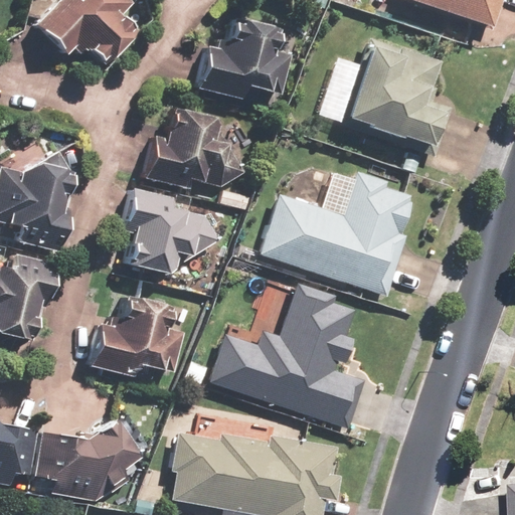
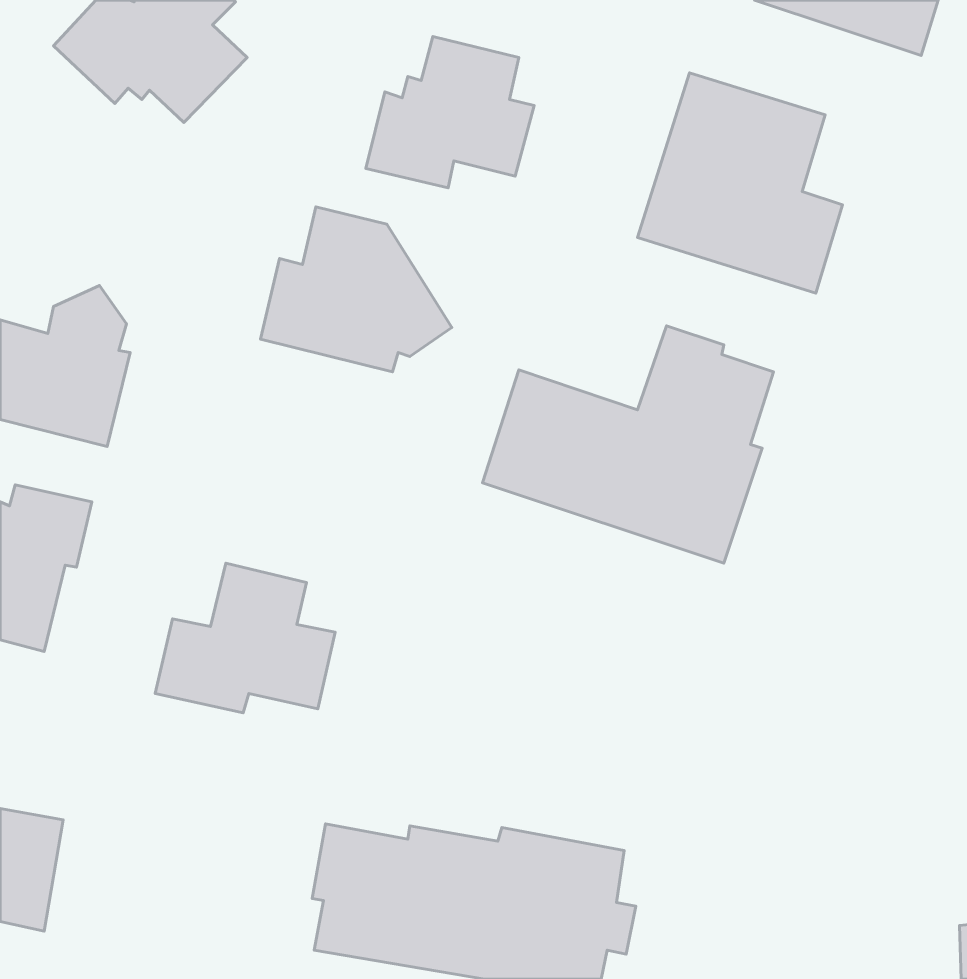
building: [122,187,218,280] -> none
building: [208,283,366,430] -> none
building: [33,420,142,498] -> none

